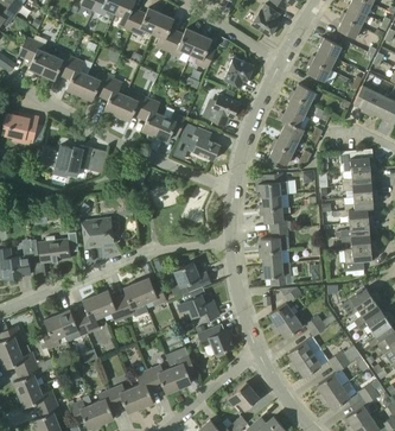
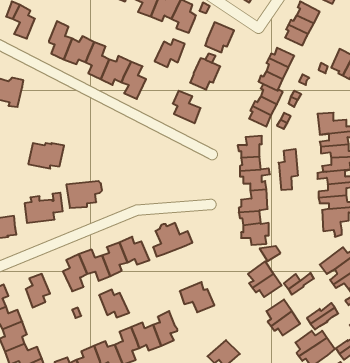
building: [42,51,72,80] -> none
building: [154,113,185,141] -> [155,39,185,67]
building: [56,145,93,171] -> [28,143,64,169]
building: none -> [278,149,298,190]
building: [176,286,219,323] -> none
building: [57,309,88,337] -> [99,290,129,317]

